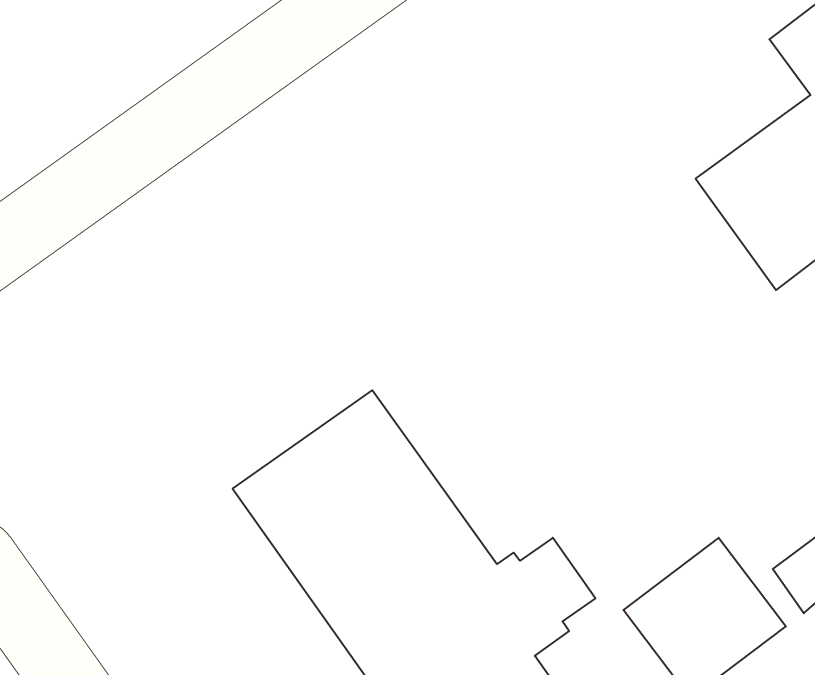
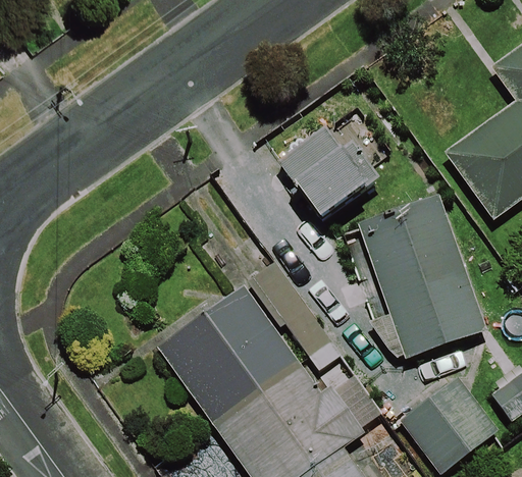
building: none -> [280,125,369,217]
building: none -> [358,193,488,358]

